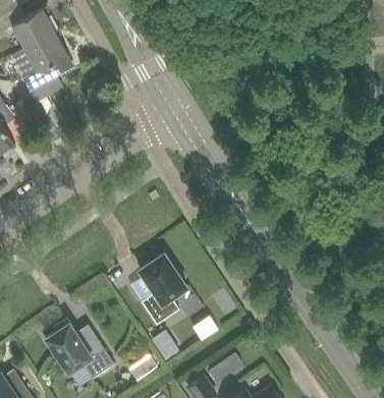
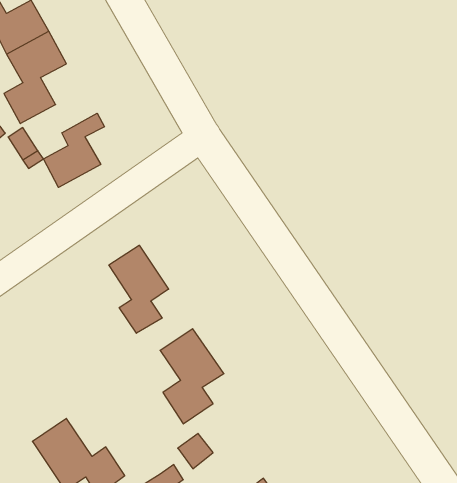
building: none -> [43,113,104,187]
building: none -> [109,245,169,333]

